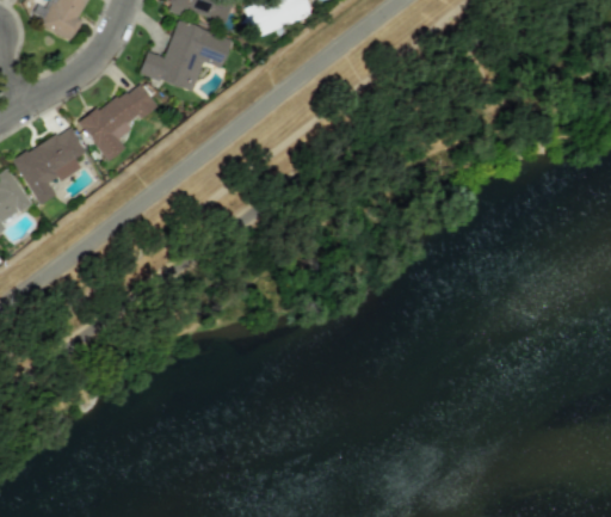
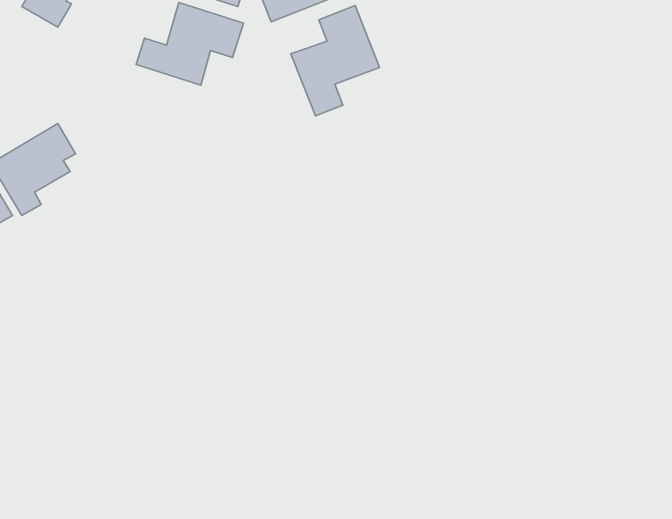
building: none -> [291,6,380,116]
building: [79,80,158,161] -> none

